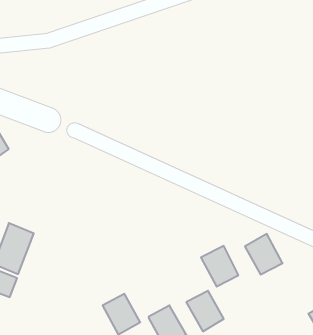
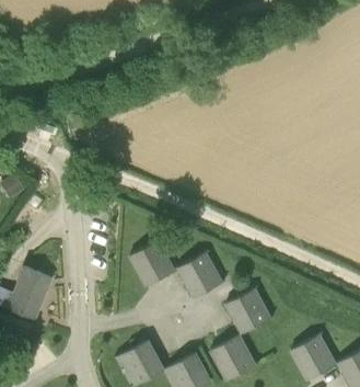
building: none -> [132,241,172,284]
building: none -> [179,253,220,296]
building: [245,234,283,275] -> [293,335,333,378]

